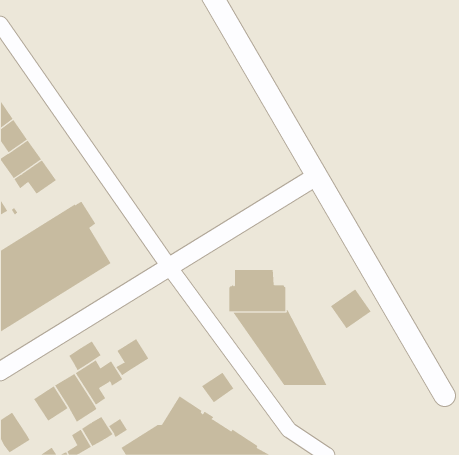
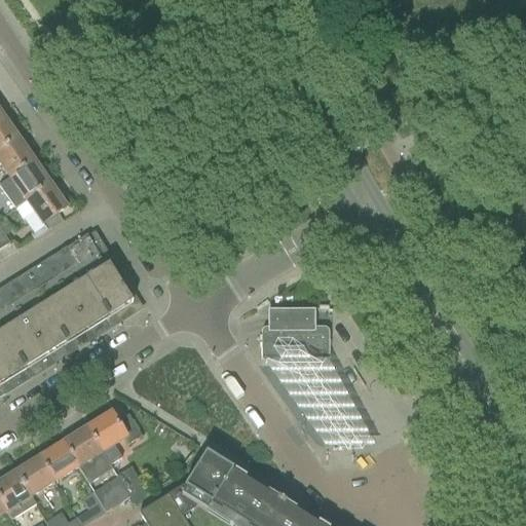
building: [330,289,372,329] -> none
building: [116,338,149,376] -> none
building: [68,341,101,371] -> none
building: [201,372,234,403] -> none
building: none -> [15,455,55,495]

